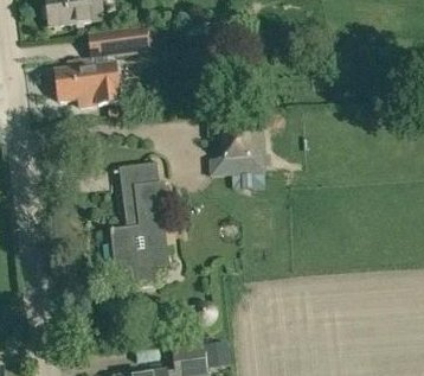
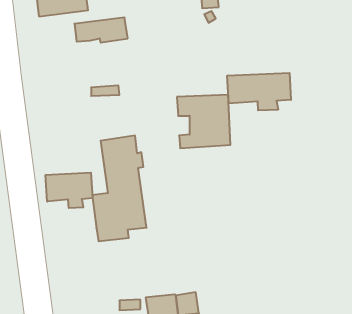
building: [50,52,117,102] -> none
building: none -> [227,73,291,110]
building: none -> [46,173,92,208]

